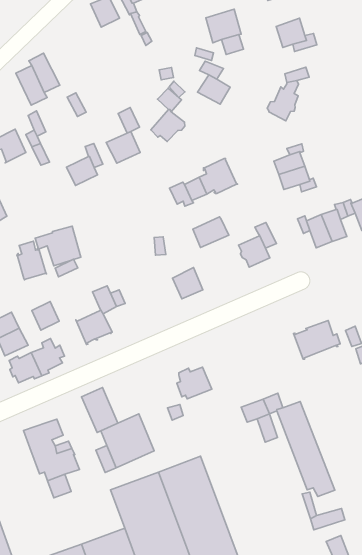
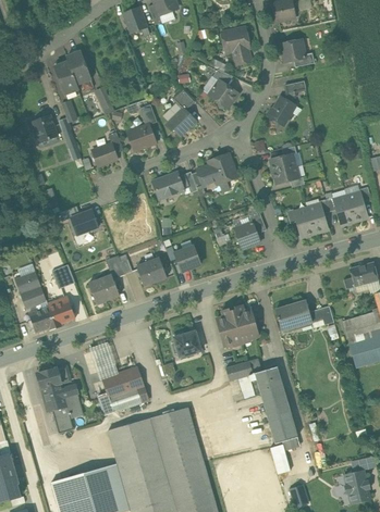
building: [193,217,229,248] -> [152,173,183,198]
building: [17,241,46,280] -> none
building: none -> [136,257,166,285]
building: none -> [216,304,258,346]

